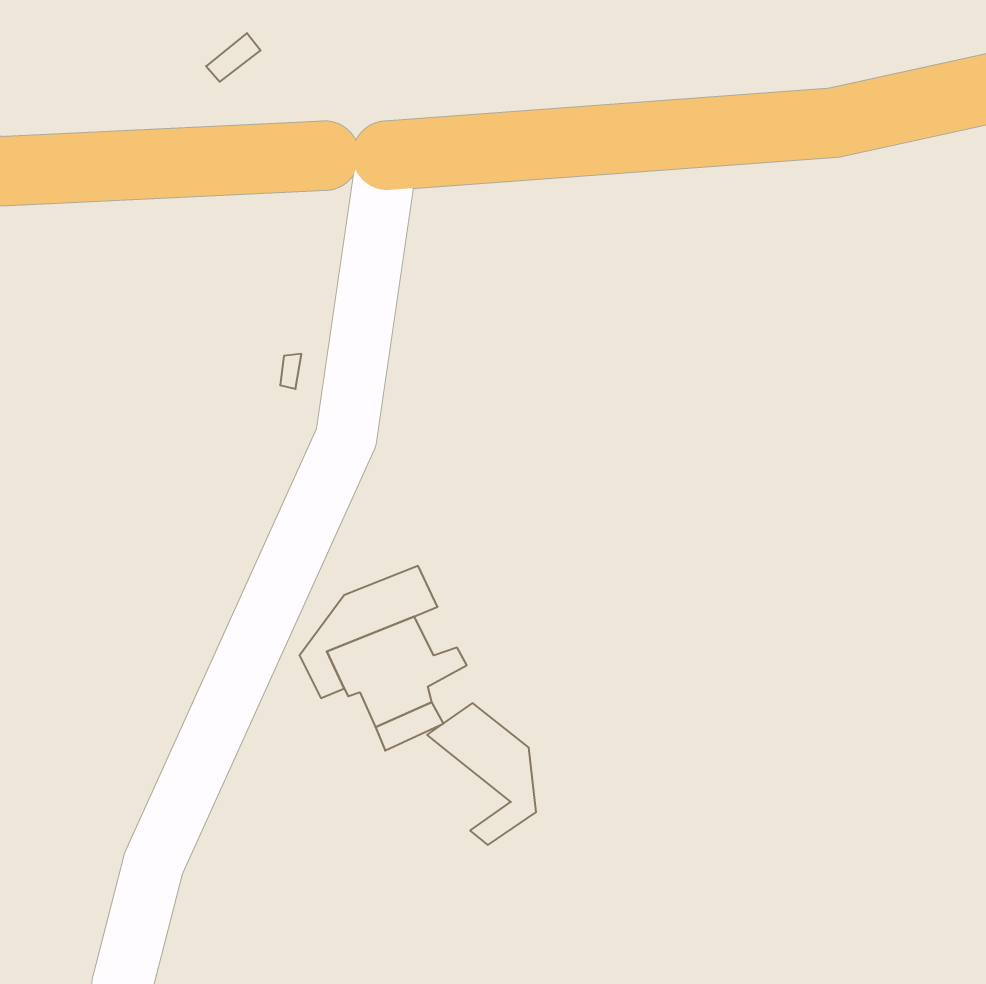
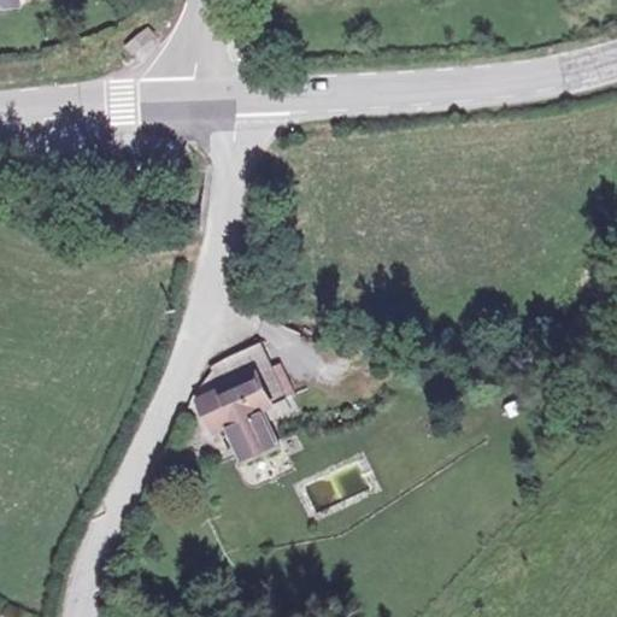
building: [427,703,536,845] -> none

